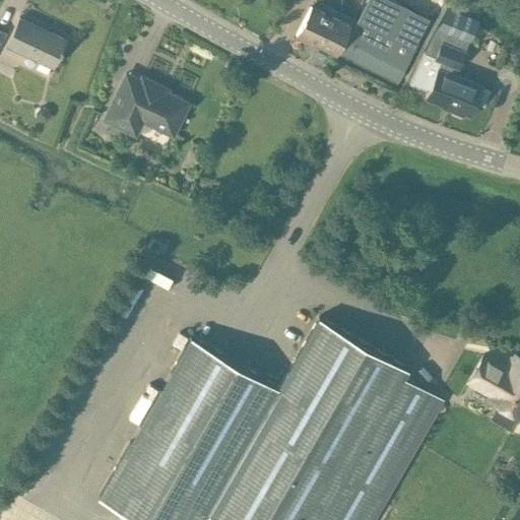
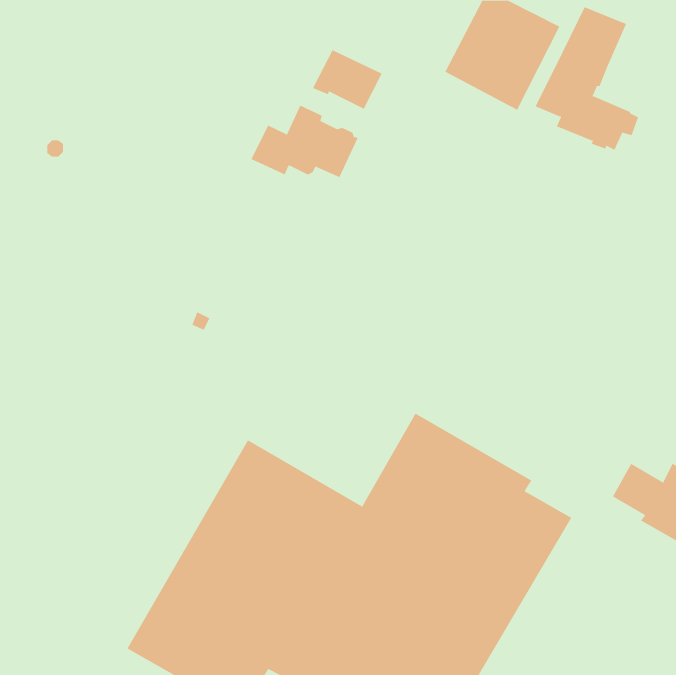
building: [298,9,351,55] -> [312,49,383,109]
building: [8,20,67,70] -> none
building: [106,80,188,136] -> [251,105,358,178]

